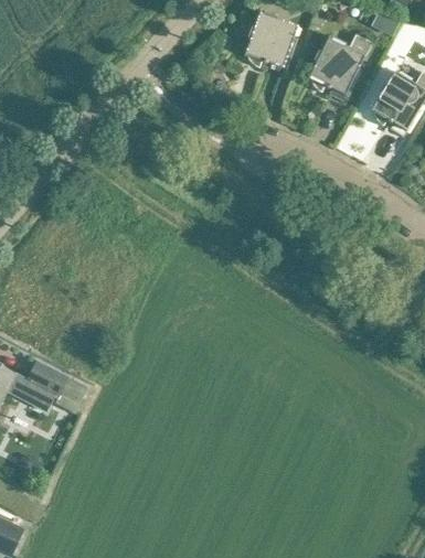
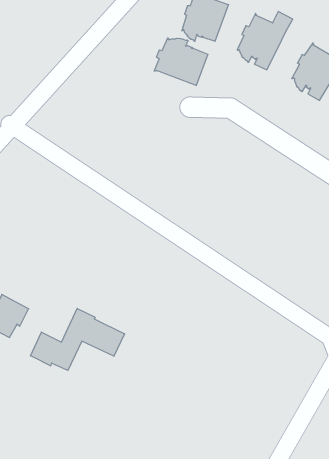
building: none -> [154,38,208,86]
building: none -> [31,308,125,370]

